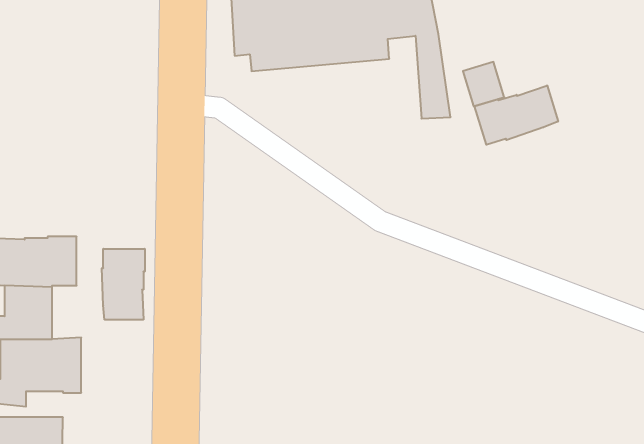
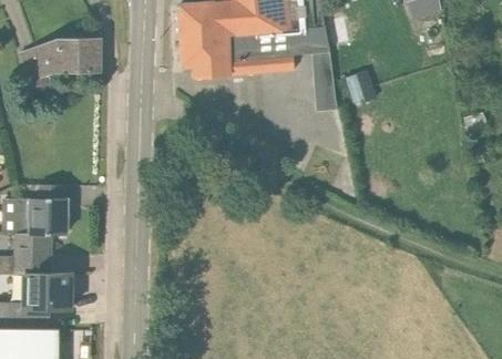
building: none -> [20,38,100,94]
building: [475,85,558,145] -> none
building: [102,249,145,320] -> none

